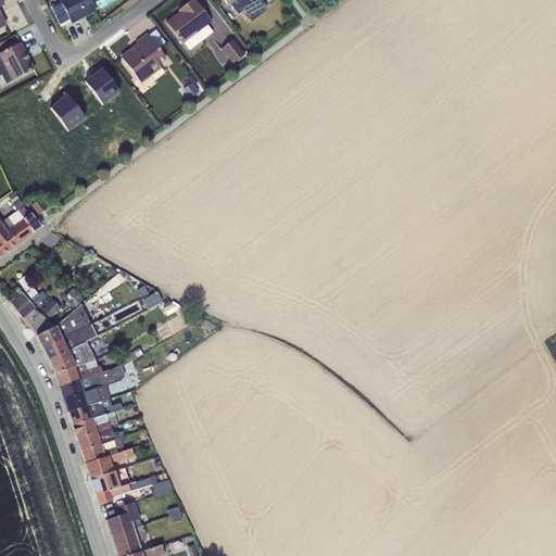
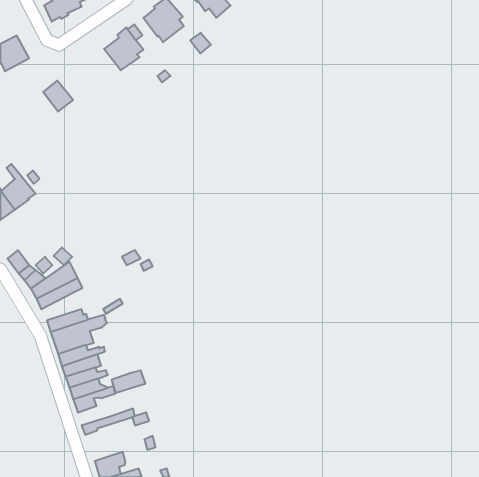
building: [84,66,119,103] -> none
building: [48,339,94,371] -> none
building: [90,467,129,493] -> [112,370,145,393]
building: [104,501,140,534] -> none

